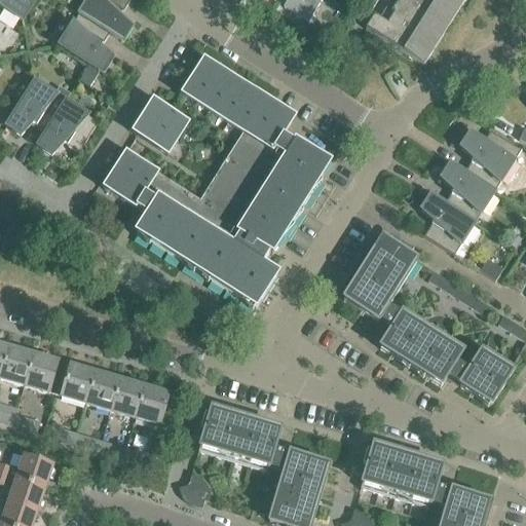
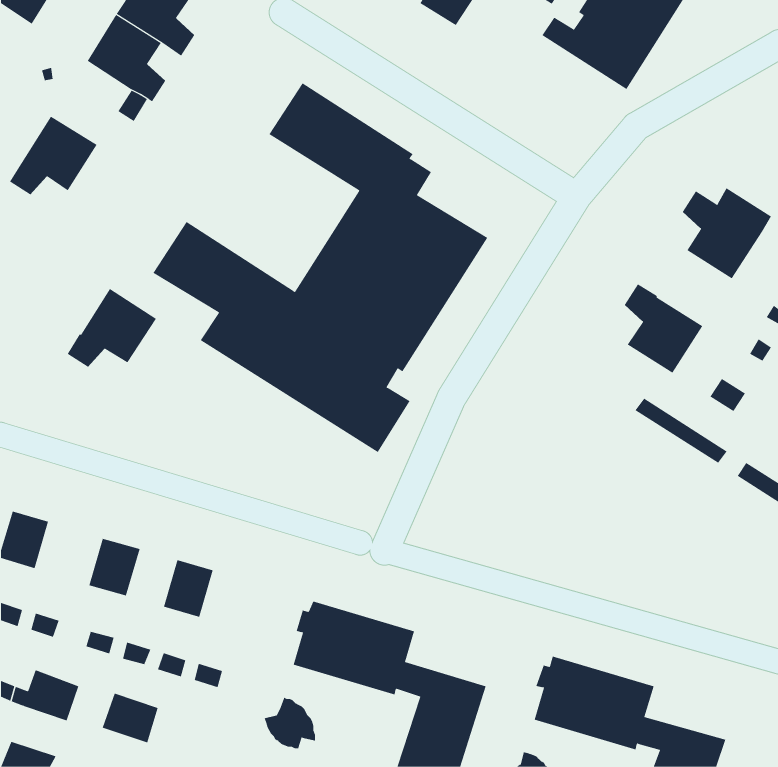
building: [134,97,188,149] -> none
building: [38,98,99,151] -> [67,288,157,368]
building: [441,159,494,220] -> none
building: [343,234,515,402] -> none
building: [25,351,59,390] -> none
building: [86,370,120,409] -> none
building: [136,384,170,423] -> none
building: [8,476,46,510] -> [102,693,158,743]

